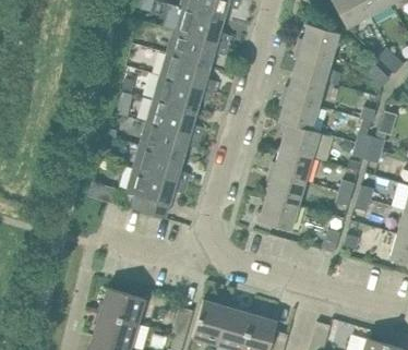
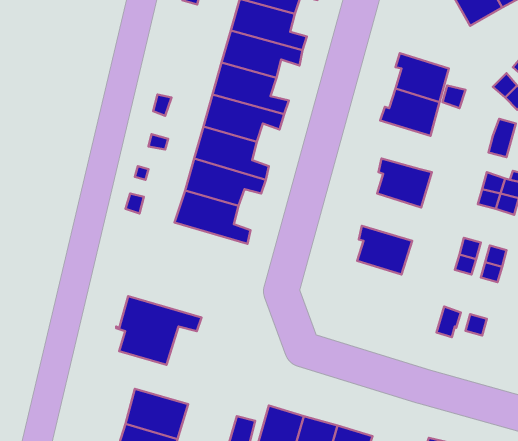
building: [297,24,339,59] -> none
building: [279,96,319,131] -> none
building: [269,148,312,182] -> none
building: [127,169,188,218] -> [116,296,201,365]
building: [259,196,298,230] -> none

